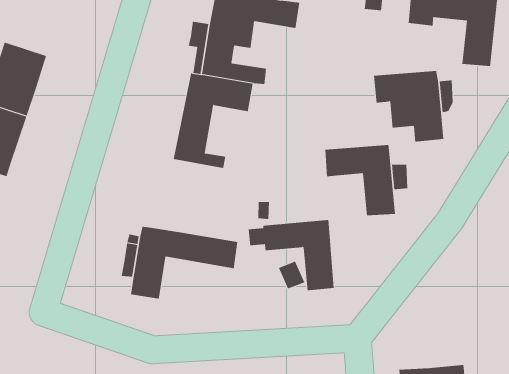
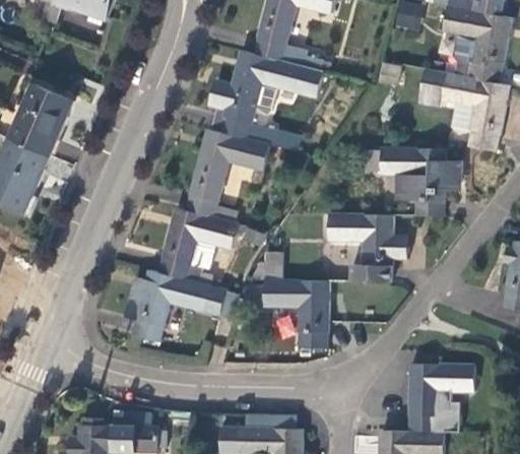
building: none -> [158,207,237,279]
building: none -> [410,363,475,431]

